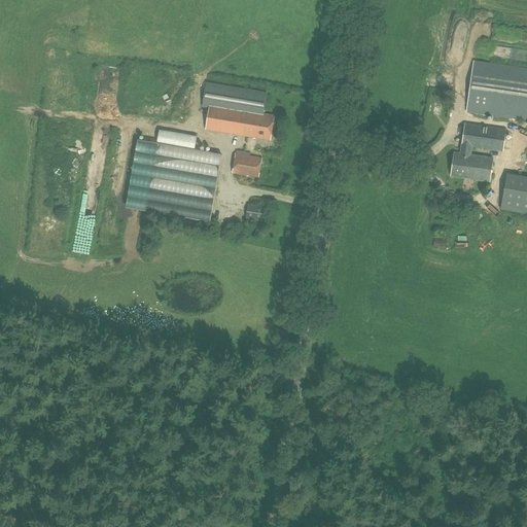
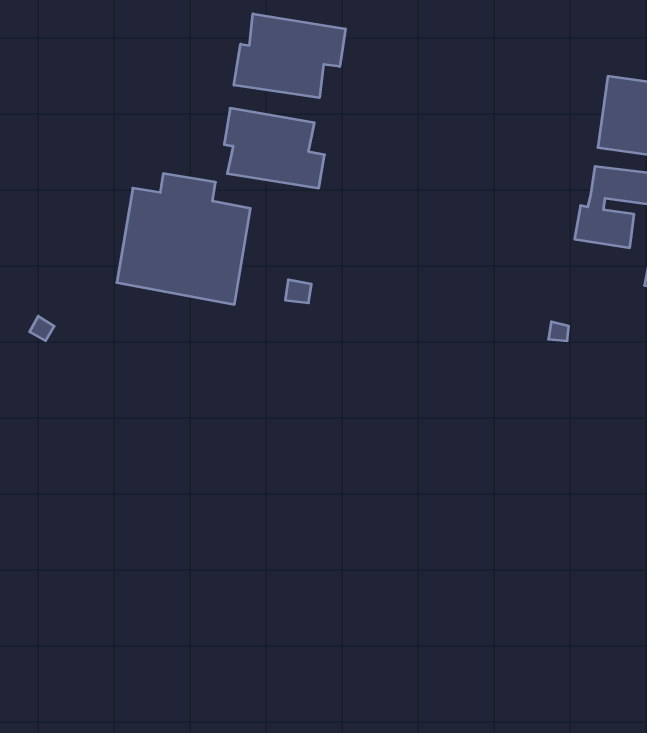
building: none -> [234,14,345,98]
building: [232,153,261,177] -> none

